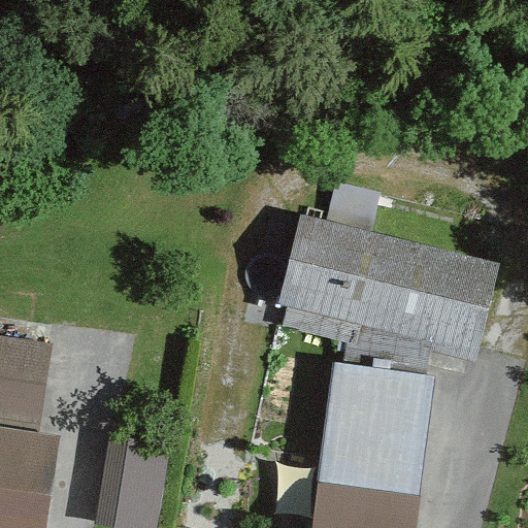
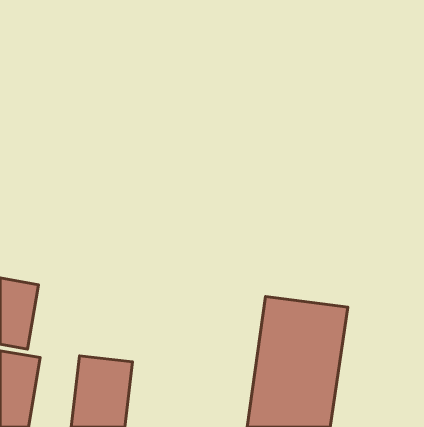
building: [277,220,494,360] -> none

